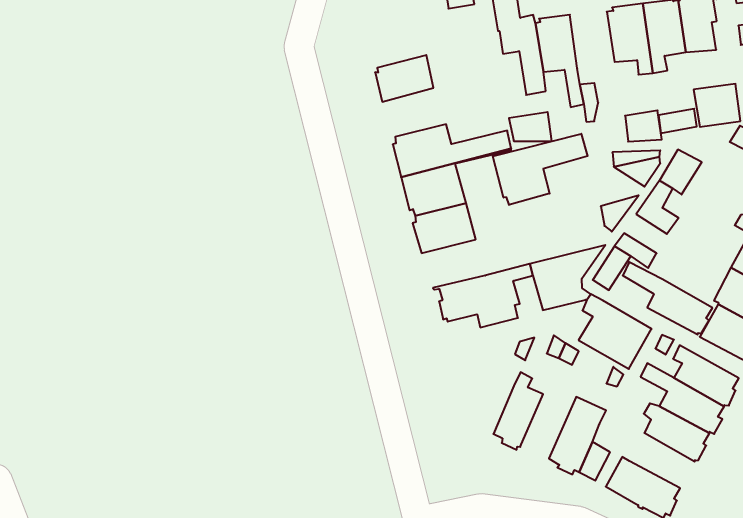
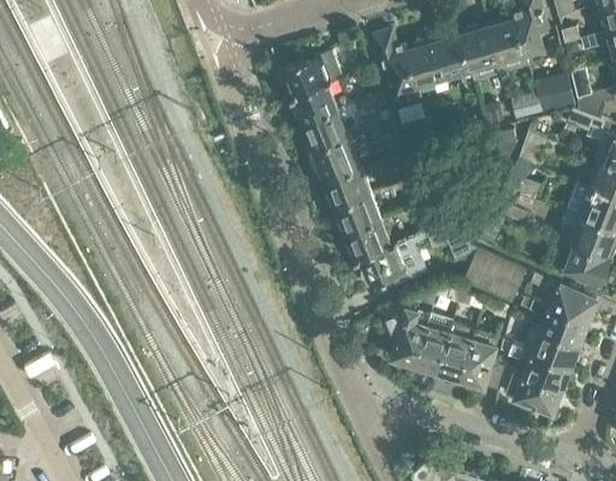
building: none -> [433,34,472,81]
building: none -> [284,55,332,100]
building: none -> [300,109,350,150]
building: [493,134,588,205] -> none
building: none -> [344,220,395,261]
building: [623,262,712,335] -> [500,340,571,388]
building: none -> [380,303,431,368]
building: none -> [438,323,475,382]

